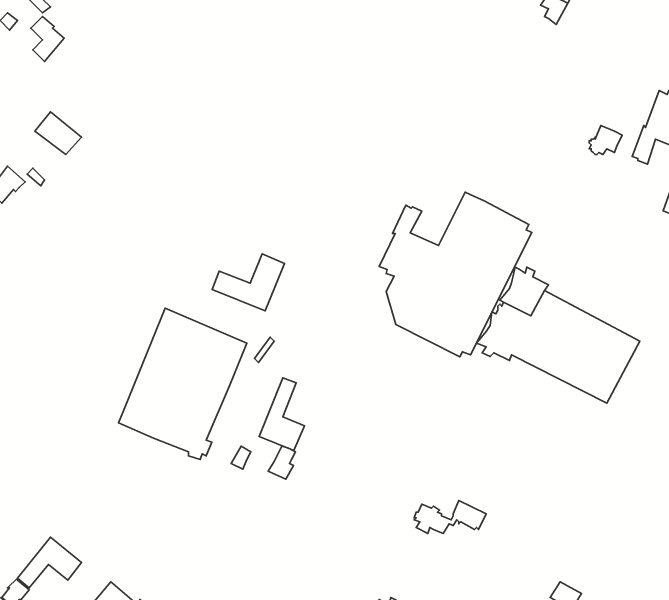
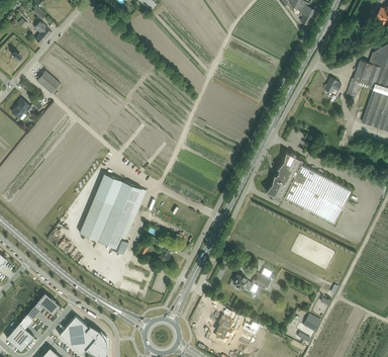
building: [379,192,532,357] -> none
building: [212,254,284,311] -> none
building: [259,378,304,450] -> none

